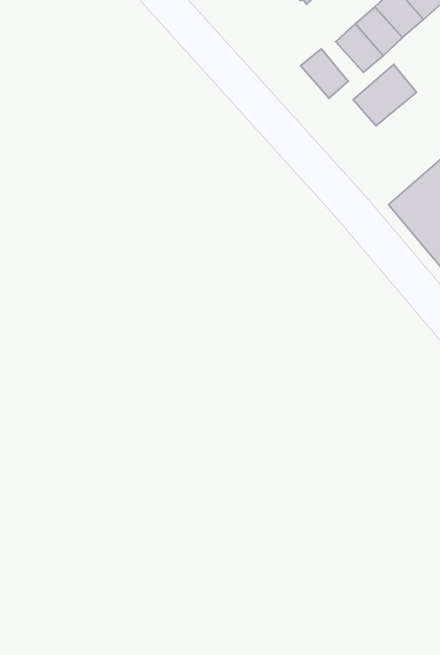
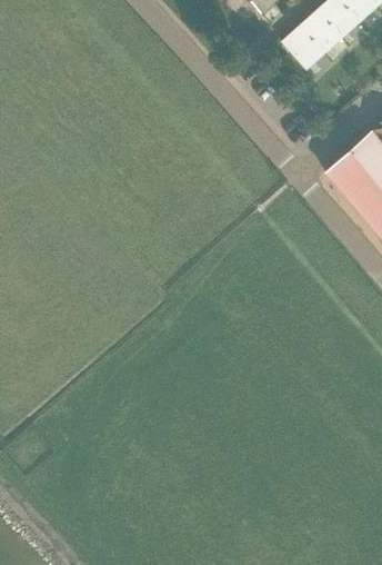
building: [300,49,348,98] -> none
building: [353,64,416,126] -> none

